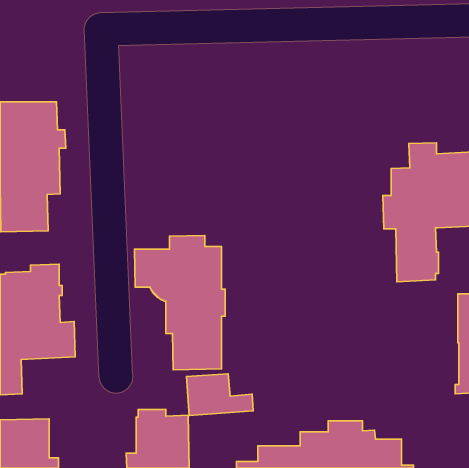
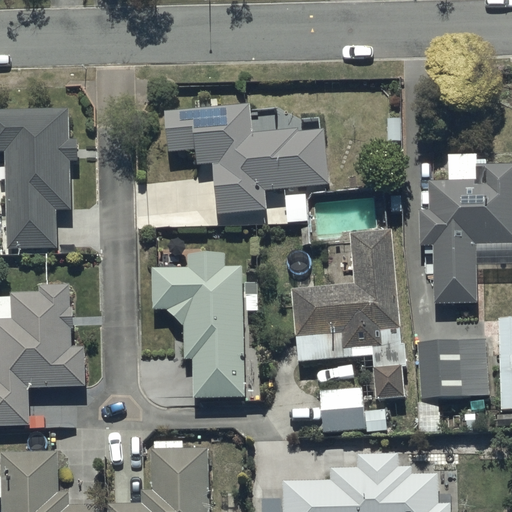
building: none -> [164,93,328,215]
building: none -> [292,232,405,396]
building: none -> [416,339,490,399]
building: [186,374,253,416] -> [318,386,390,431]

